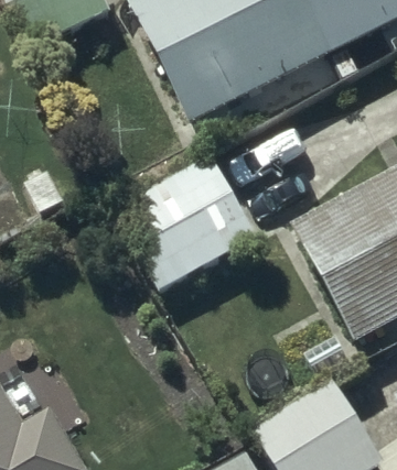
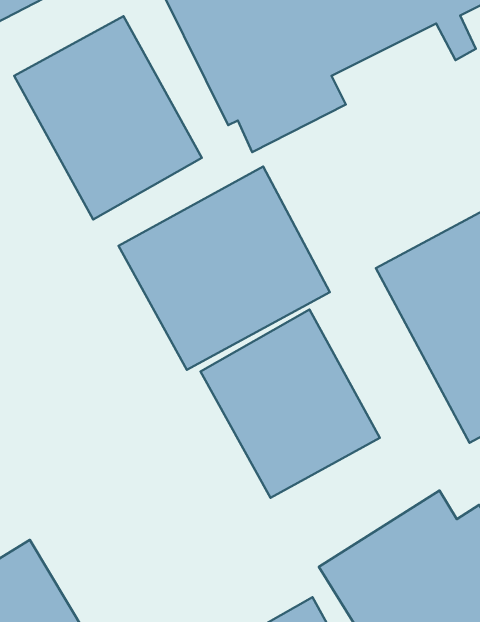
building: none -> [14,16,202,220]
building: none -> [201,310,380,498]

